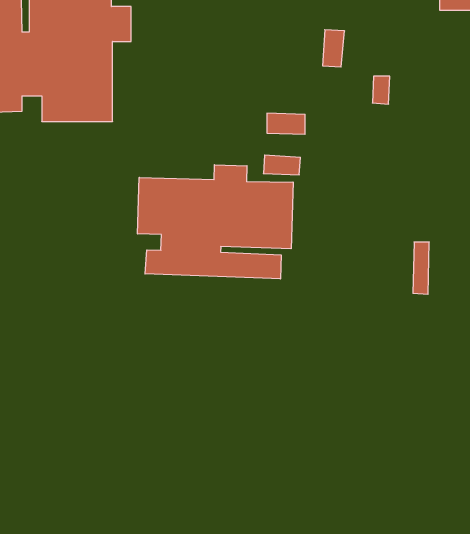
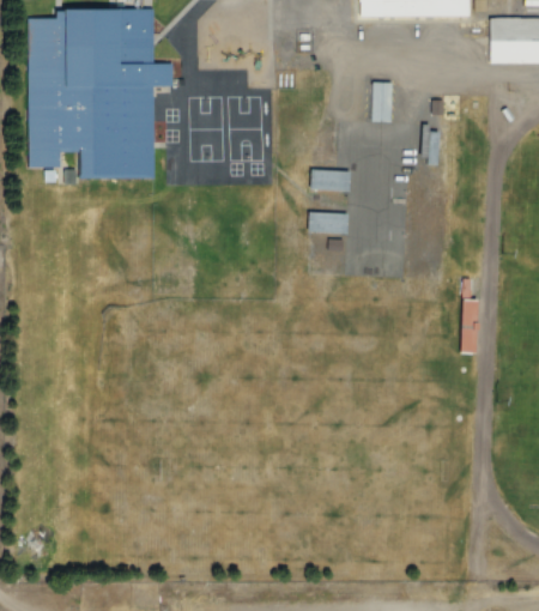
building: [138,165,293,279] -> none

